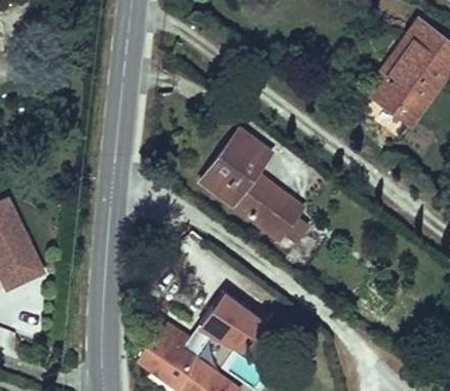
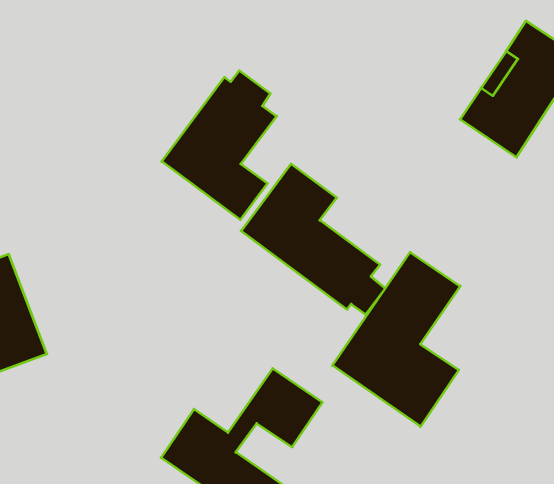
building: none -> [162,71,277,220]
building: none -> [332,252,460,427]

